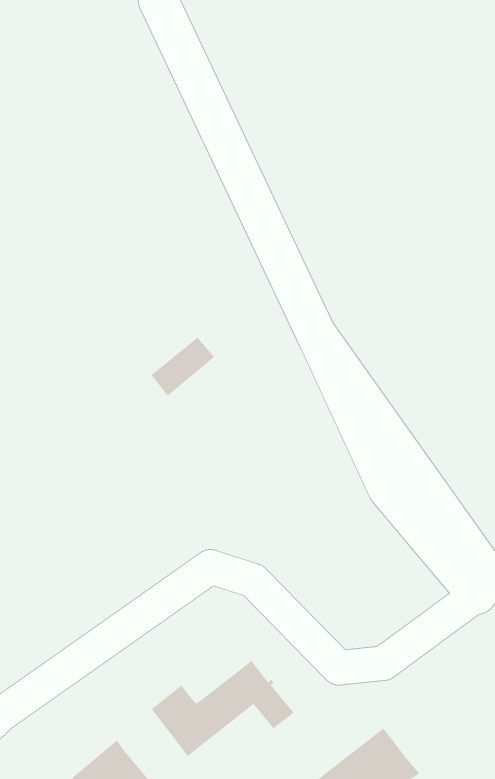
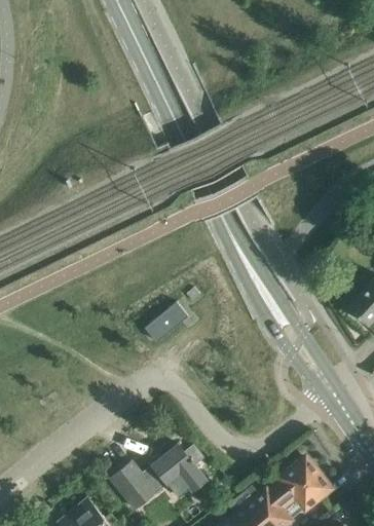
building: [151,337,215,397] -> [145,303,188,343]
building: none -> [267,458,330,510]

